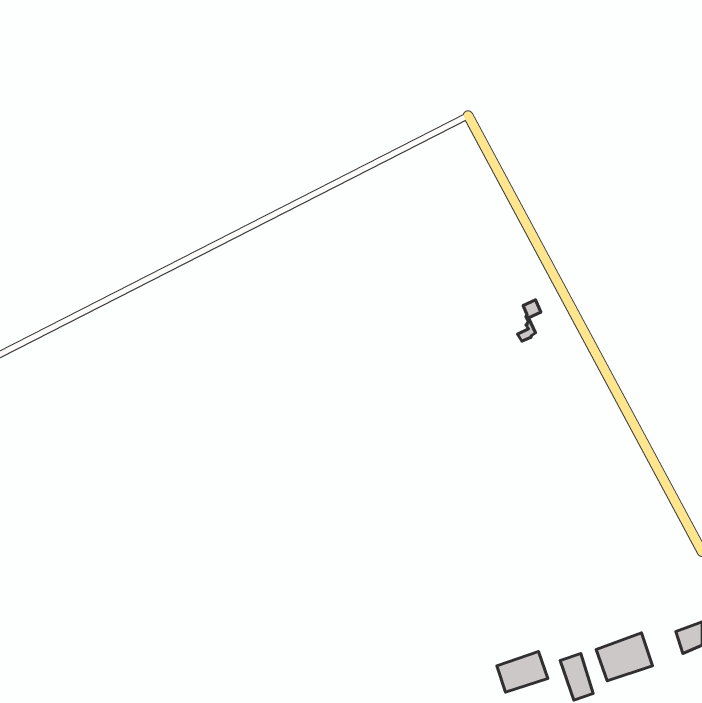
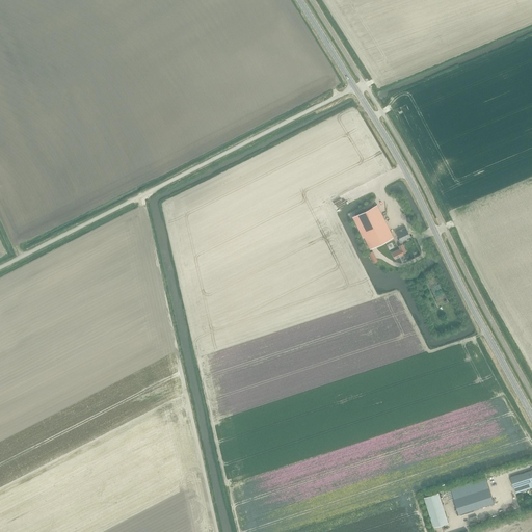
building: none -> [352,205,393,249]
building: [497,651,548,692] -> none

